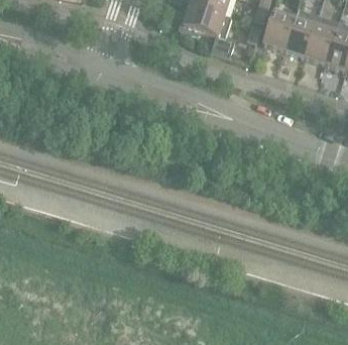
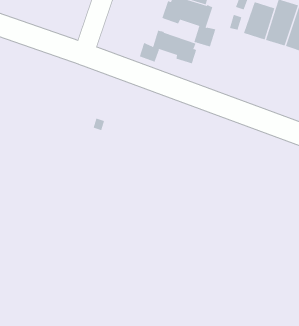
building: none -> [139,30,197,64]

